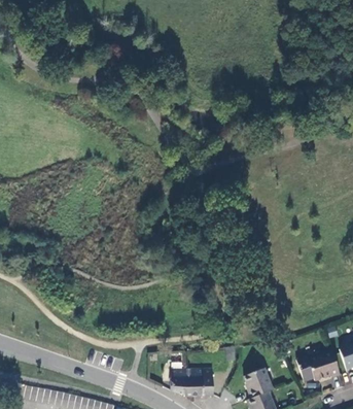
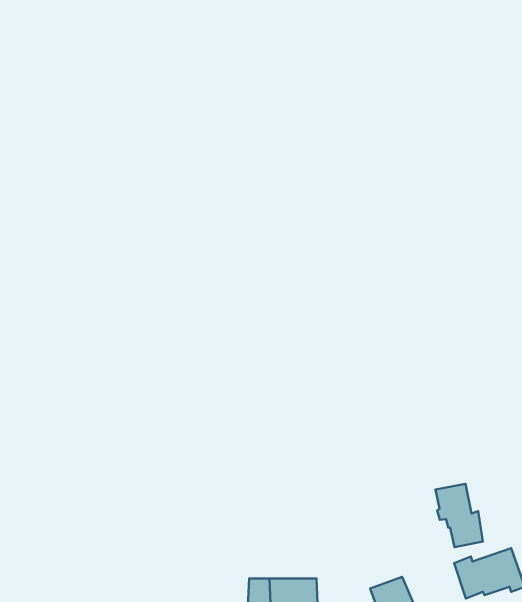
building: none -> [435,484,483,547]

